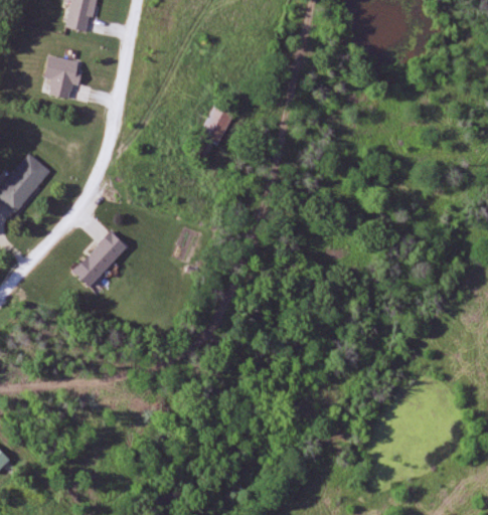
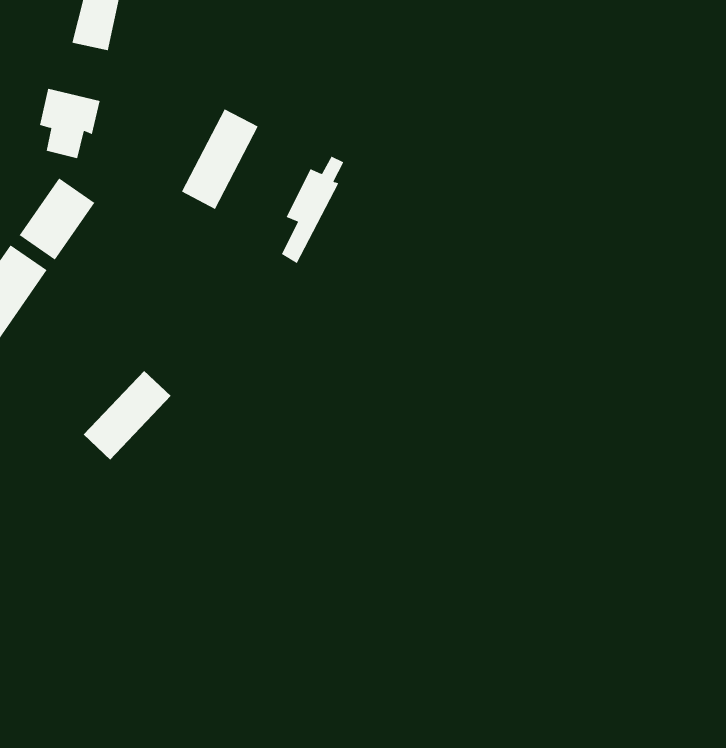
building: none -> [181,109,258,210]
building: none -> [19,177,95,261]

